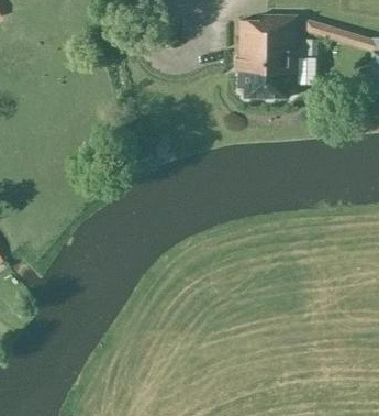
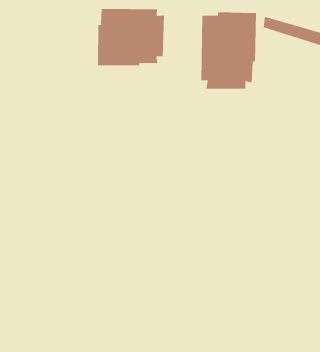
building: none -> [98,8,164,66]

